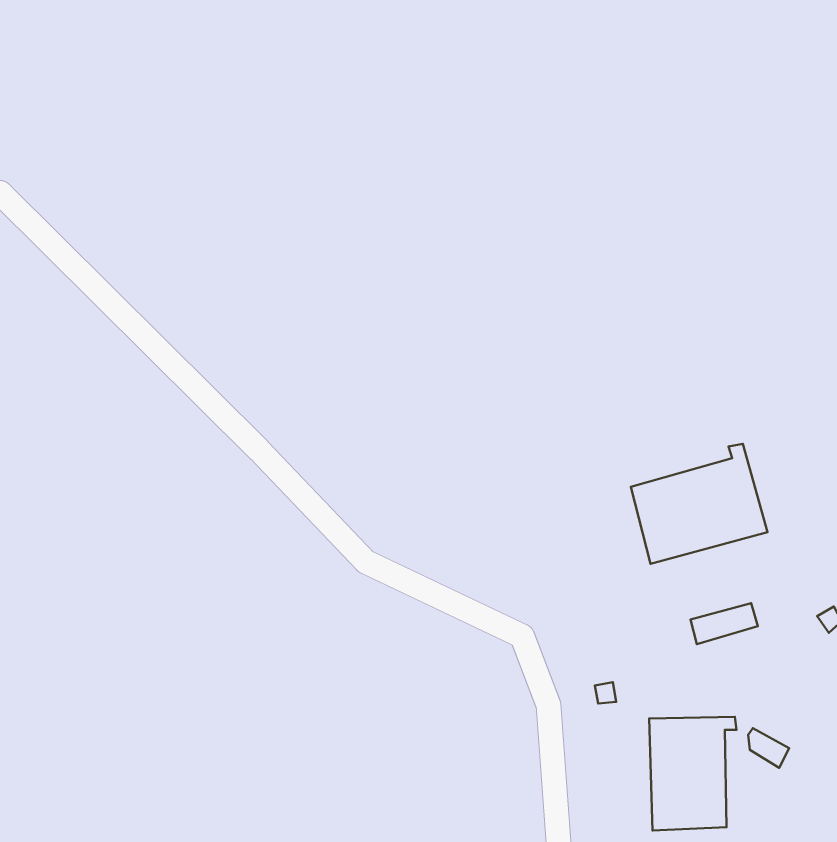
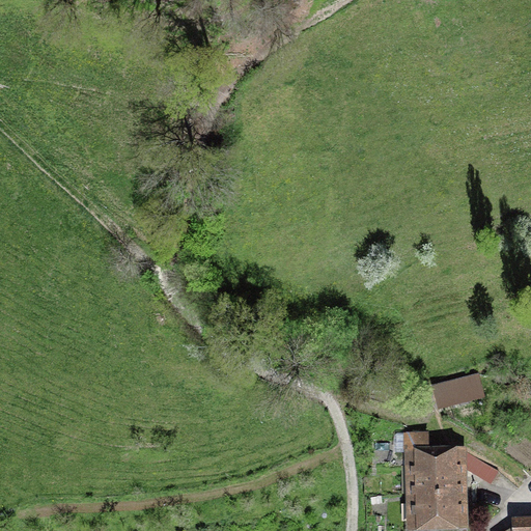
building: [631,444,768,564] -> none

